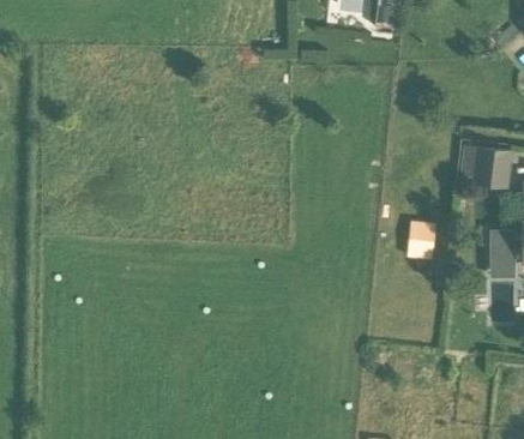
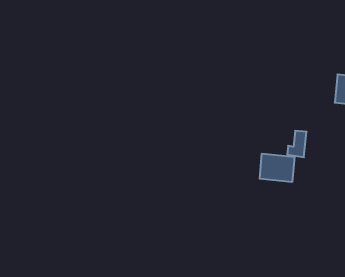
building: none -> [260,154,294,182]

